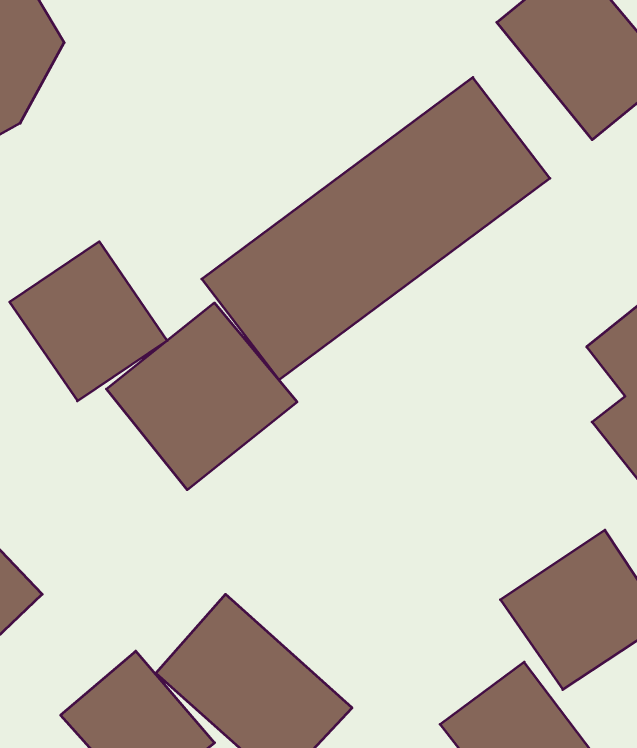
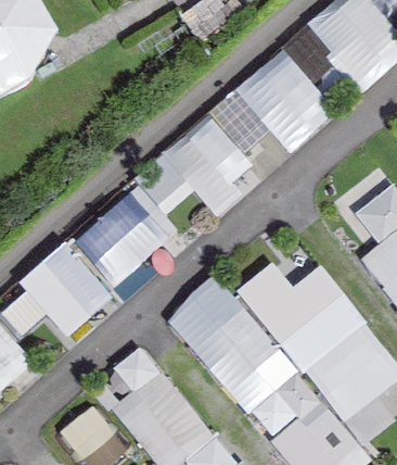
building: [10,242,167,401] -> [15,246,108,340]
building: none -> [241,261,362,366]
building: none -> [166,276,298,417]

